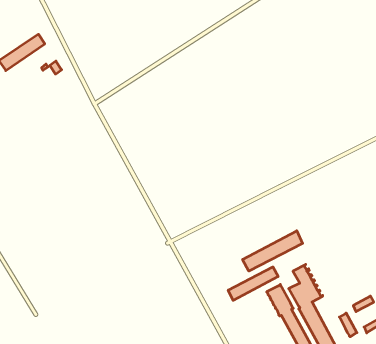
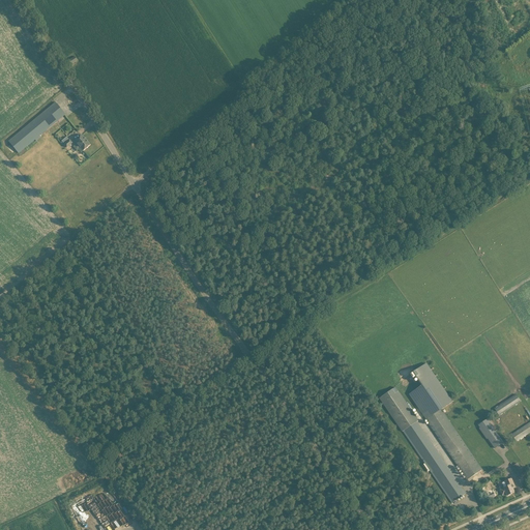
building: [243,231,303,271] -> none
building: [228,267,278,300] -> none

